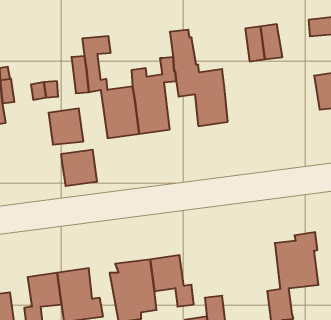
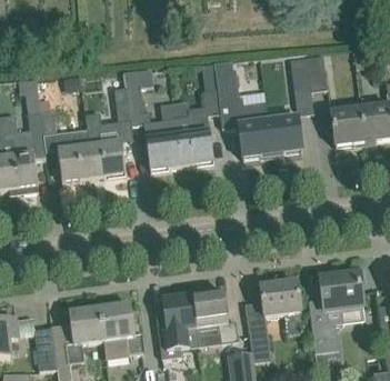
building: none -> [331,108,366,147]
building: none -> [269,116,302,154]
building: [61,150,97,186] -> [58,146,94,182]
building: none -> [260,281,302,334]

